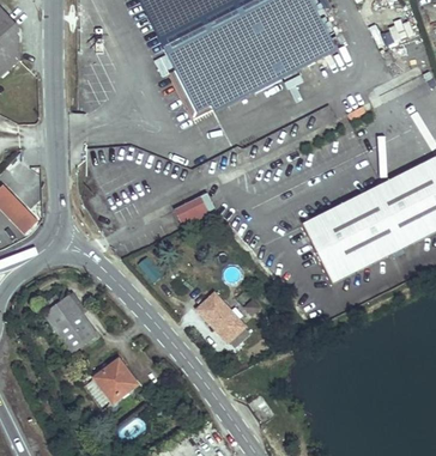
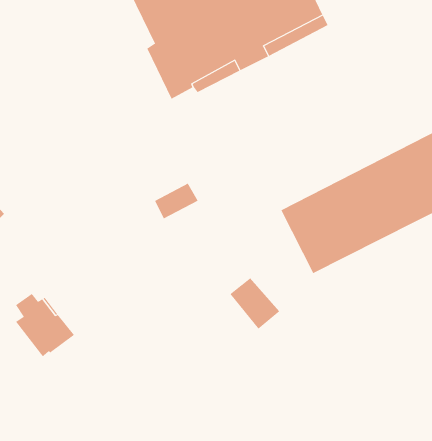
building: [198,297,244,345] -> [230,277,280,329]
building: [95,364,137,407] -> none

